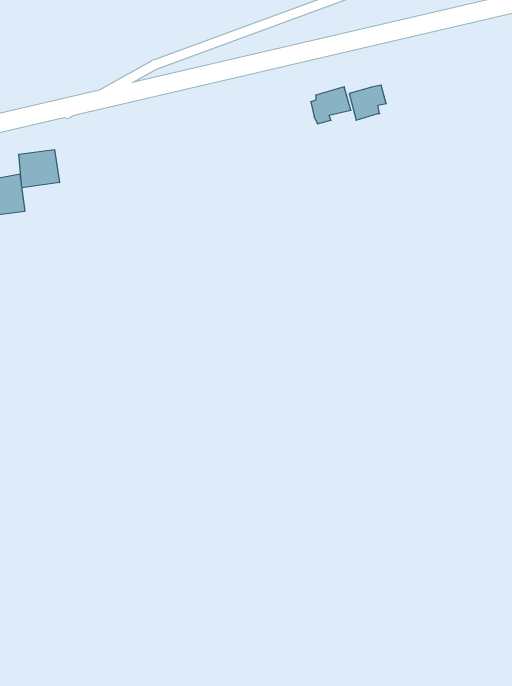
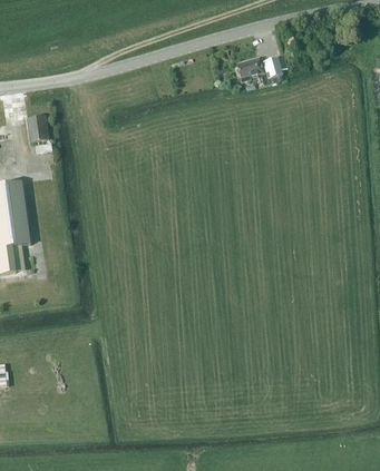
building: [19,150,59,188] -> none

